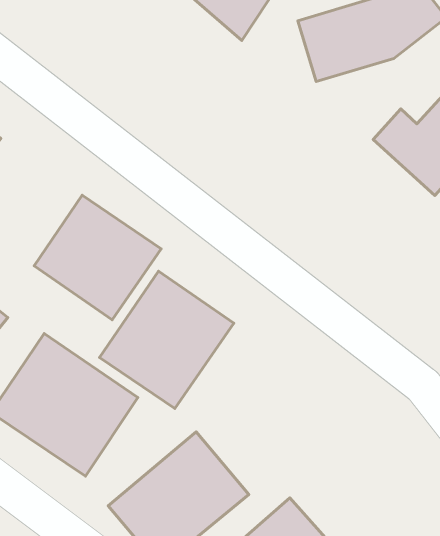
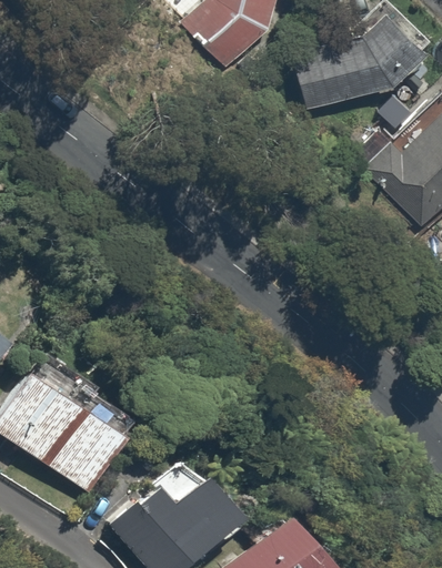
building: [34,195,161,320] -> none
building: [99,271,234,409] -> none

